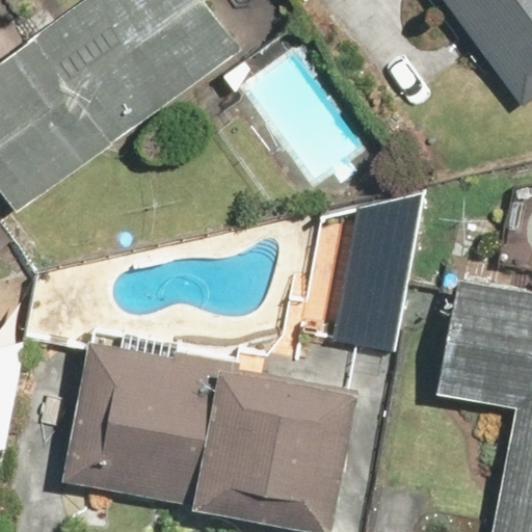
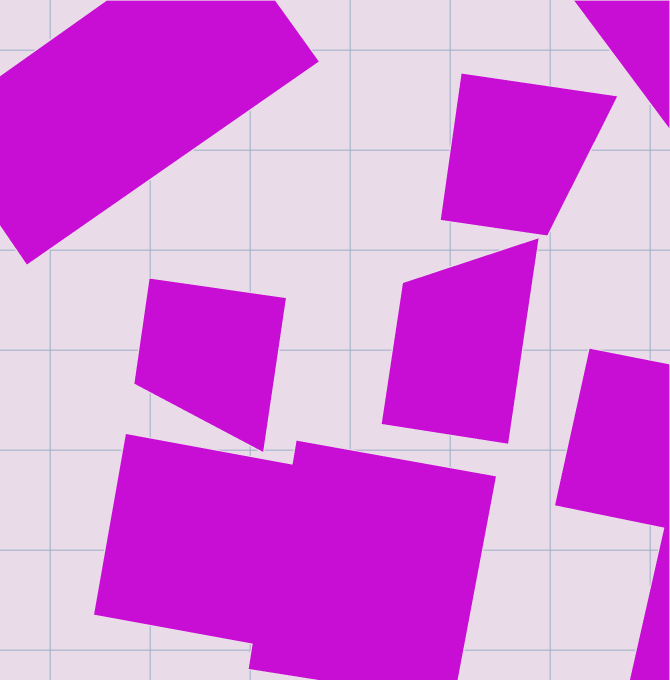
building: none -> [440,73,618,236]
building: none -> [134,278,286,453]

